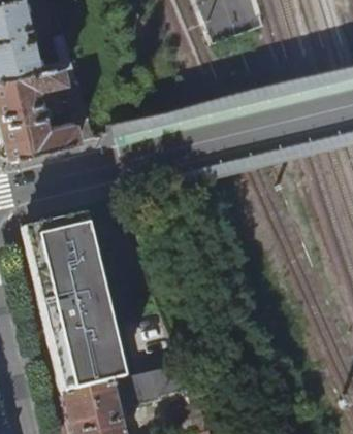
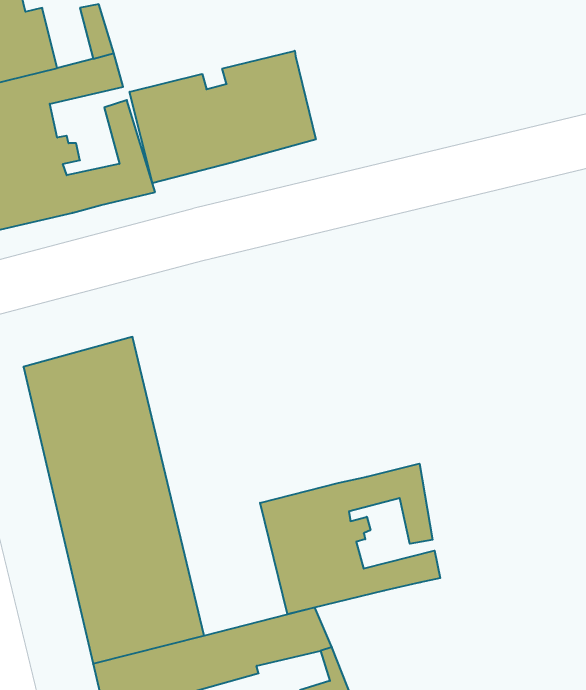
building: none -> [130,51,316,183]
building: none -> [260,464,440,614]

